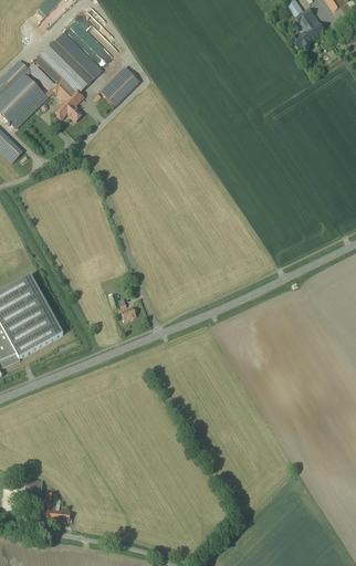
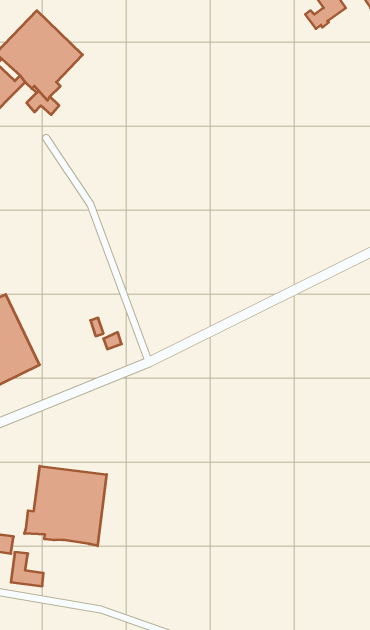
building: [104,70,139,106] -> none
building: none -> [24,466,107,546]

